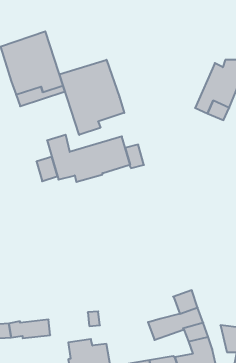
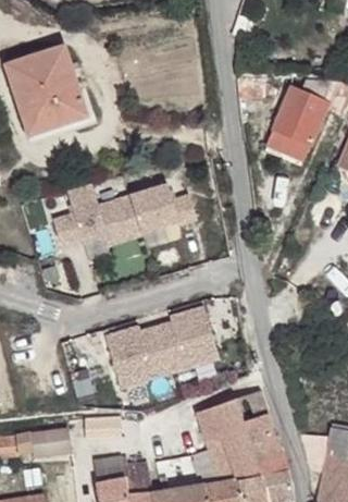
building: [59,60,124,135] -> none
building: none -> [104,307,219,388]
building: none -> [196,400,244,432]
building: none -> [210,442,261,479]

